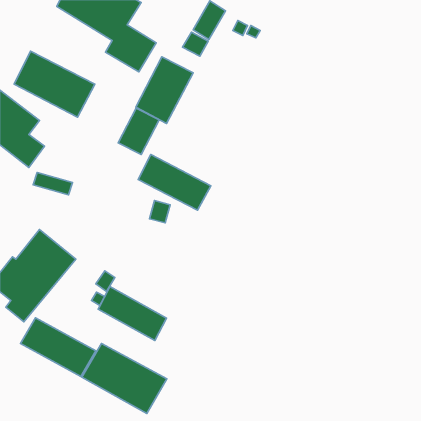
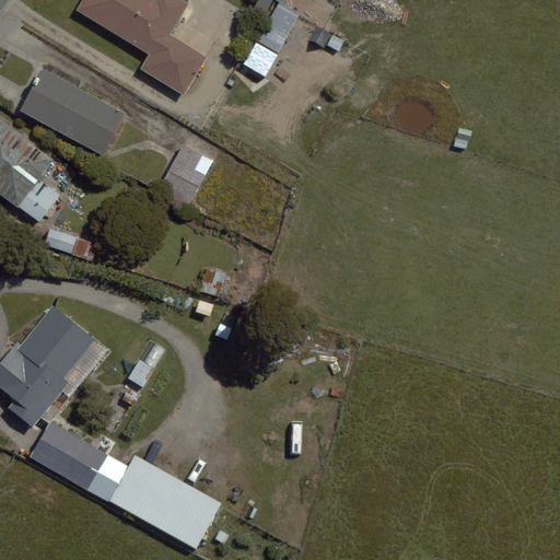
building: [136,57,193,124] -> none
building: [138,154,211,210] -> none
building: [98,287,167,341] -> none

